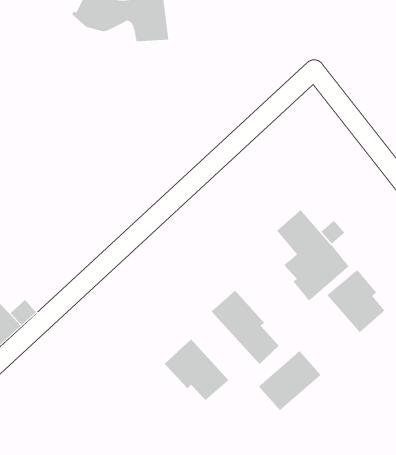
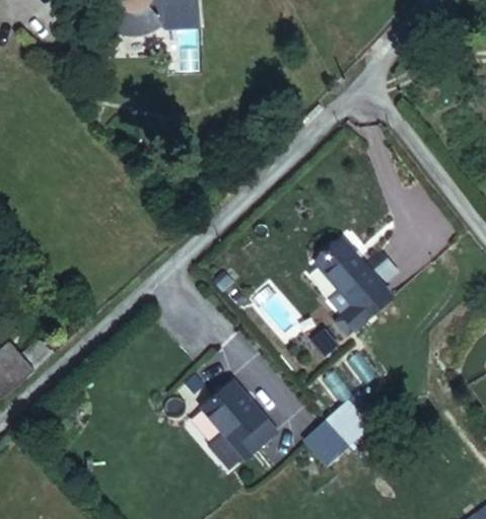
building: [327,269,385,333] -> none
building: [211,290,280,365] -> none

